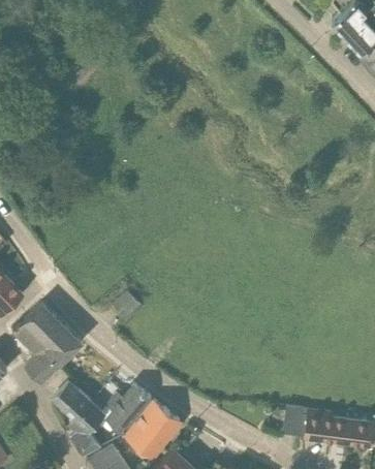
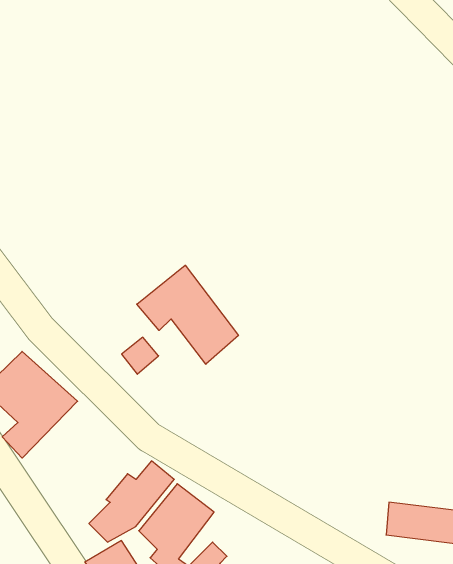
building: none -> [137,265,238,364]
building: [54,382,104,454] -> none
building: [283,412,307,441] -> none

